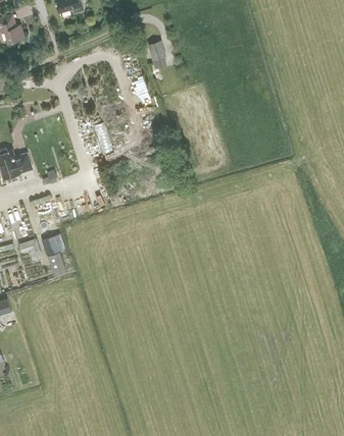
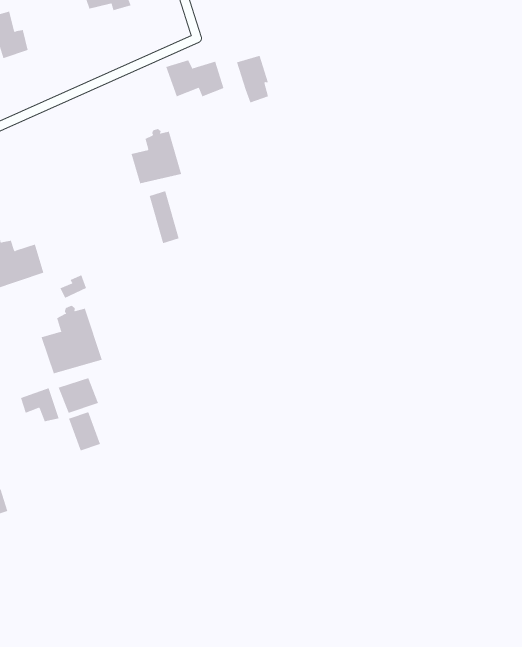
building: none -> [166,59,224,97]
building: none -> [131,128,182,184]
building: none -> [41,305,103,374]

